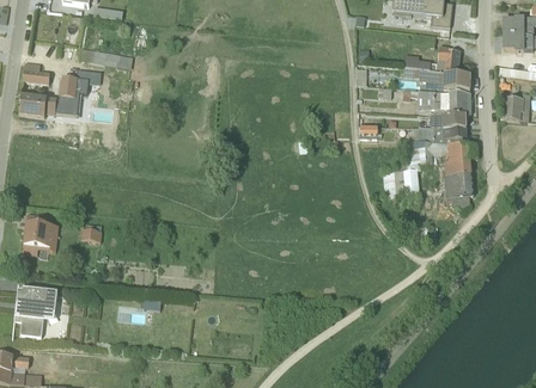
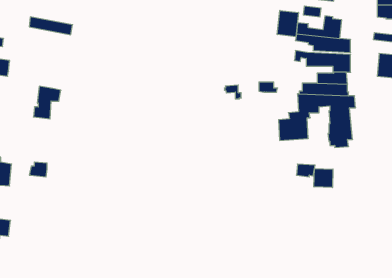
building: none -> [277,10,298,37]
building: [55,75,89,115] -> [33,86,61,119]
building: none -> [314,168,333,188]

